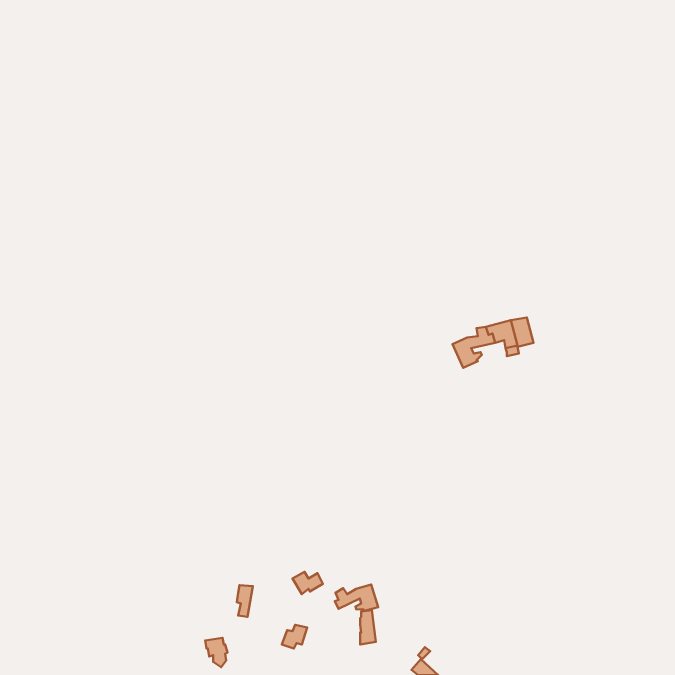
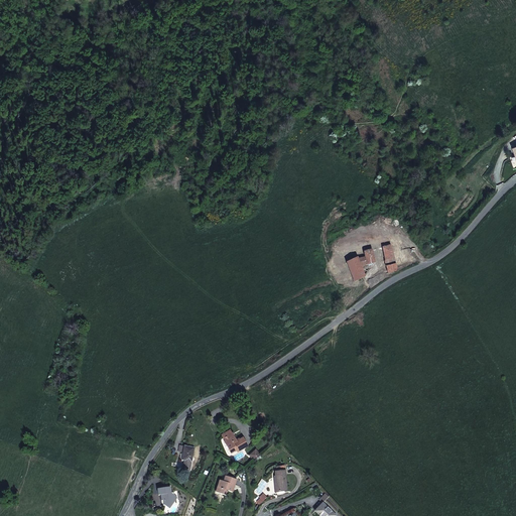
building: [335,585,378,611] -> none

